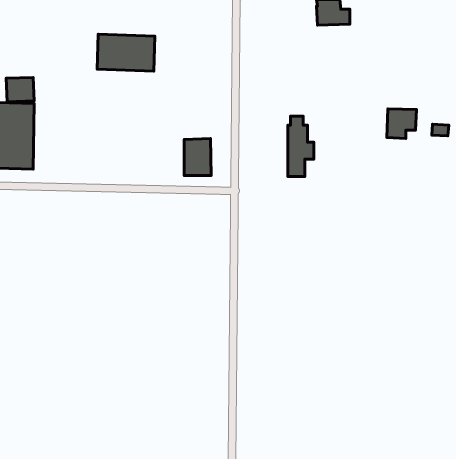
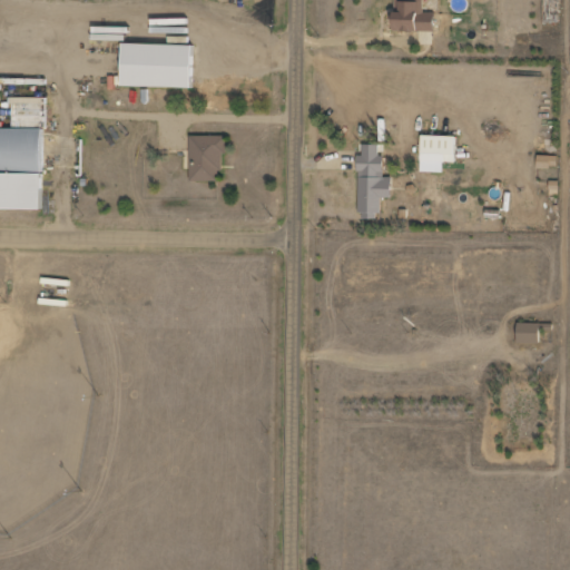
building: [387,109,417,138] -> [417,135,454,171]
building: [184,139,211,175] -> [187,135,220,180]
building: none -> [515,322,538,342]

